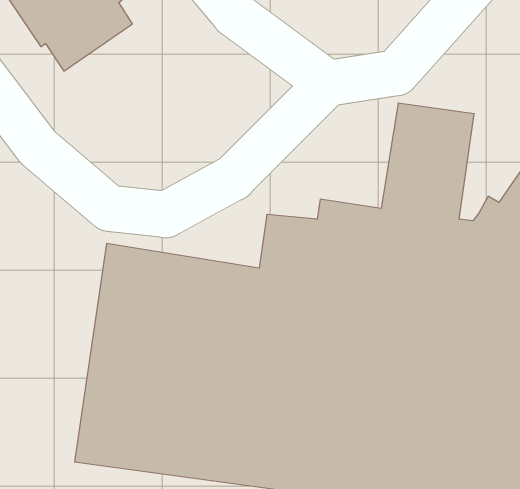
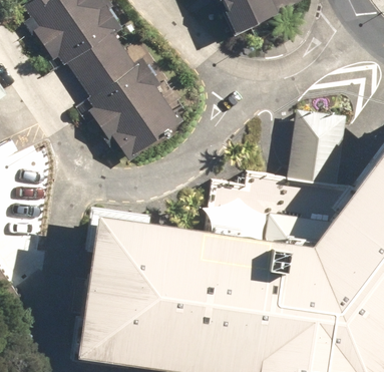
building: none -> [78,54,183,164]

